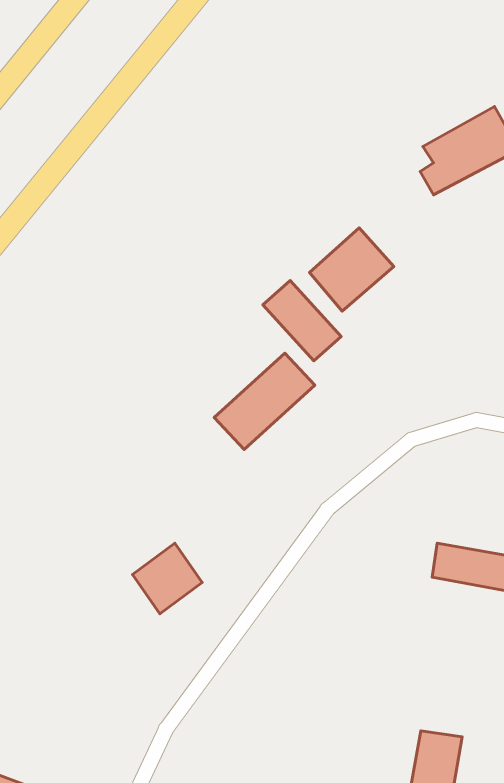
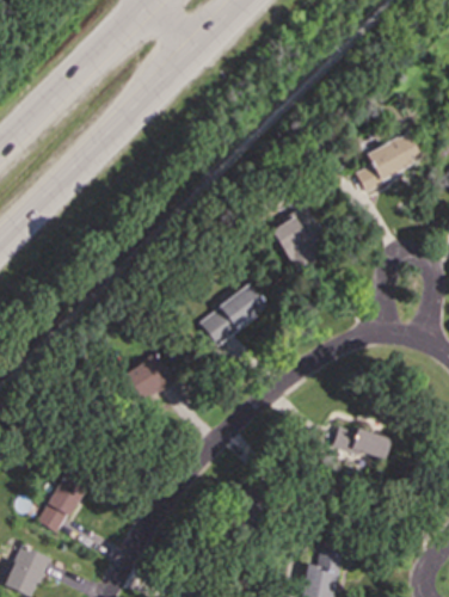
building: [263,281,341,361] -> none
building: [132,543,202,614] -> [119,358,166,405]
building: none -> [37,475,85,534]

